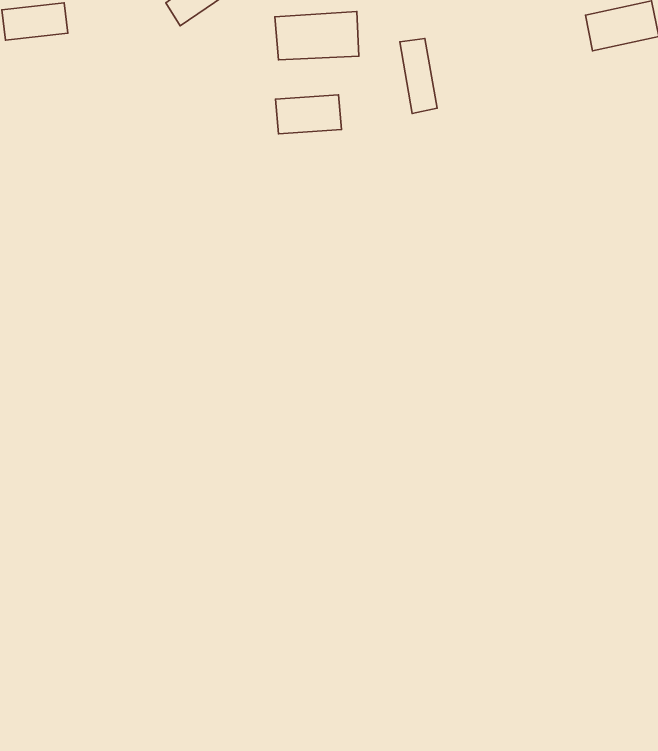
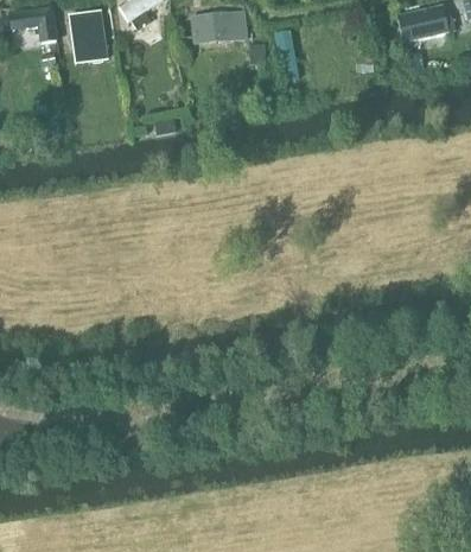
building: none -> [68,9,108,64]
building: [276,95,341,134] -> none

